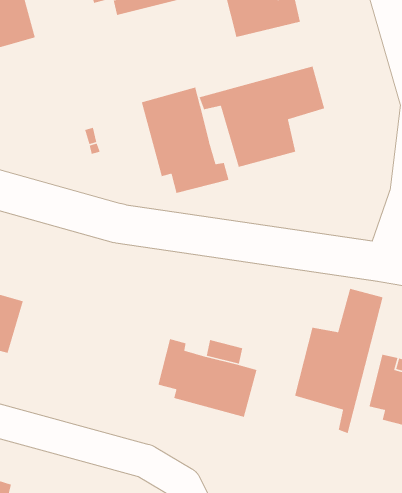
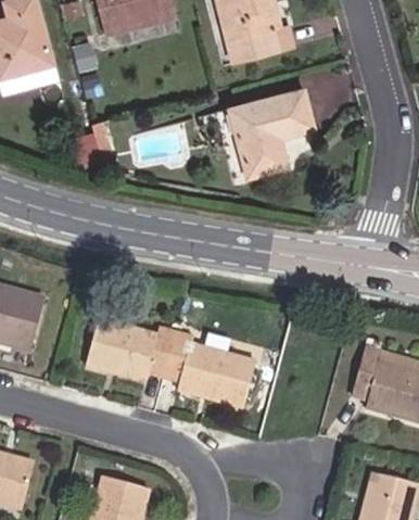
building: [141,87,230,194] -> none
building: [294,288,383,434] -> none
building: none -> [86,321,174,378]

